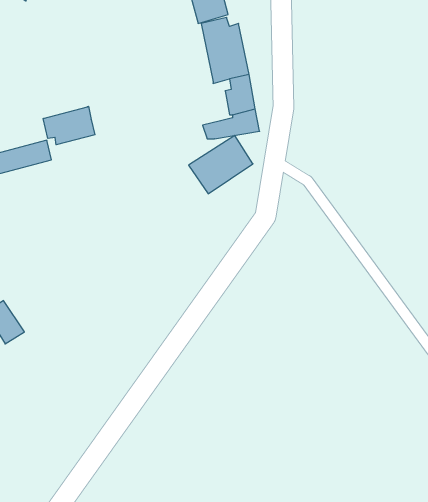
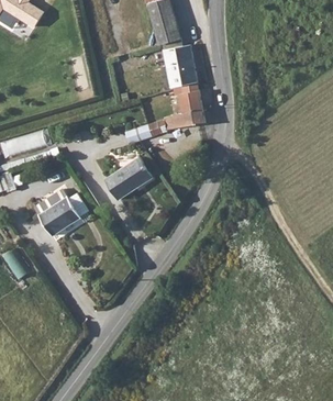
building: [43,106,95,145] -> none
building: [189,135,253,194] -> [104,156,152,199]
building: none -> [34,190,80,236]

